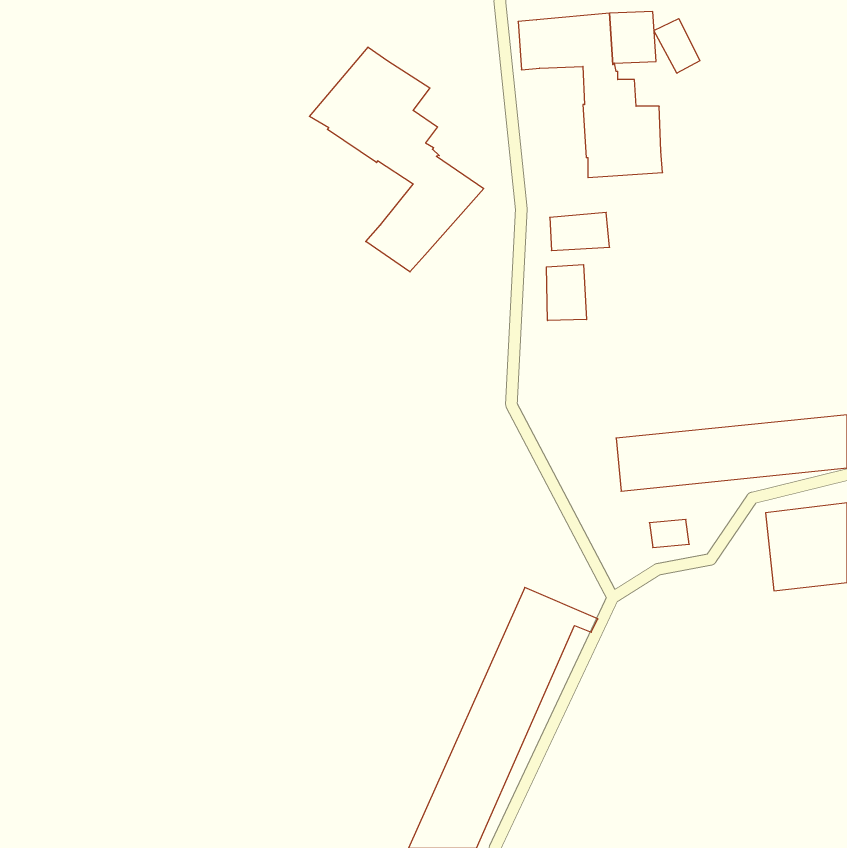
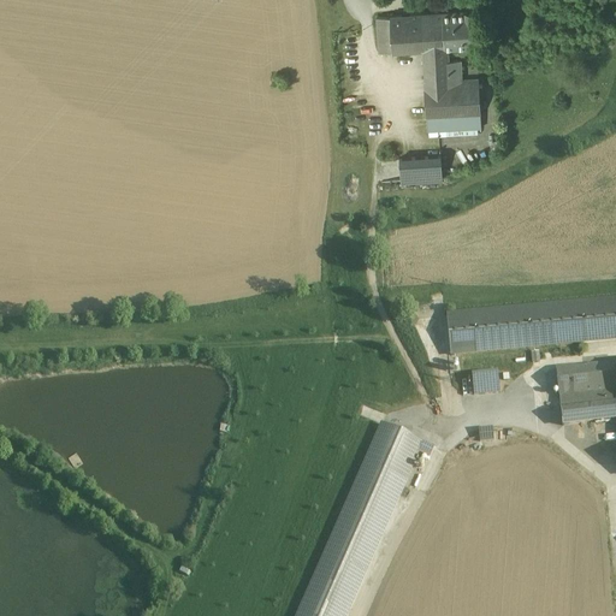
building: [654,19,700,73] -> none
building: [309,47,484,272] -> none
building: [546,265,587,321] -> none

